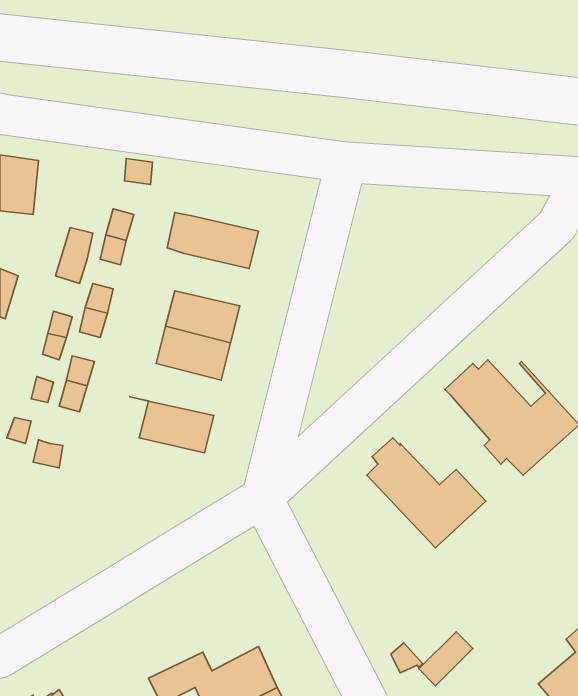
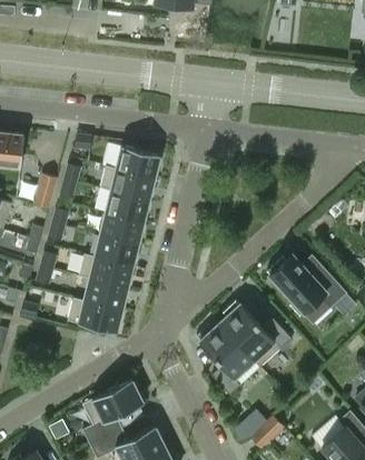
building: none -> [116,146,160,178]
building: none -> [105,191,149,222]
building: none -> [78,254,132,288]
building: none -> [67,299,122,333]
building: none -> [199,323,260,396]
building: none -> [81,380,144,444]

